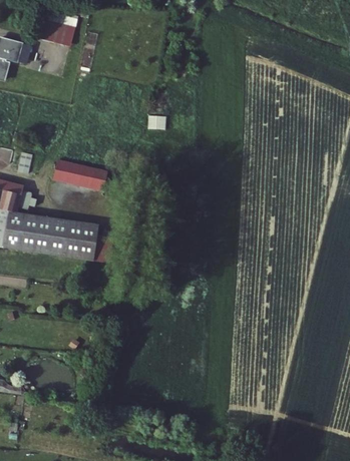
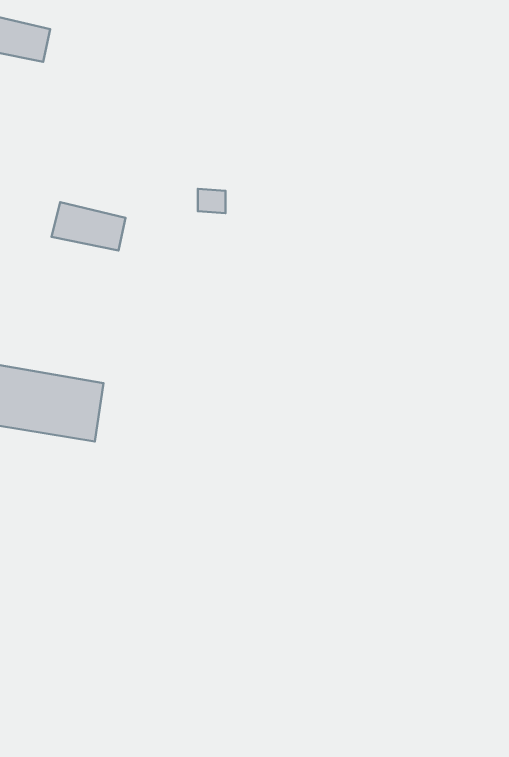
building: [52,160,95,188] -> [52,202,126,250]

